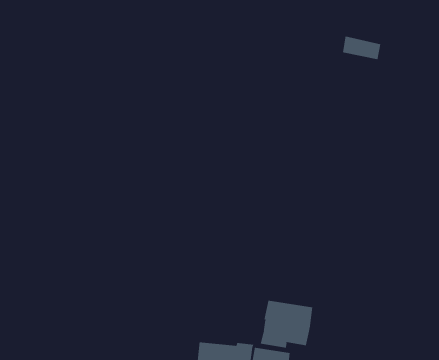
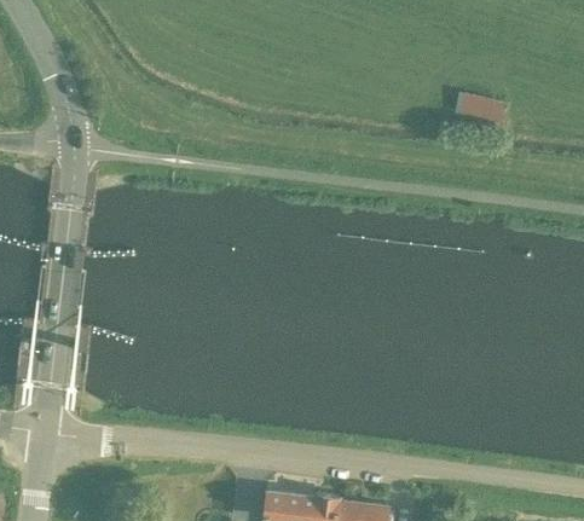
building: [260,300,313,349] -> none

